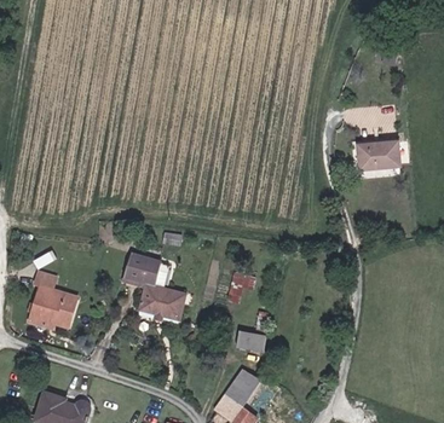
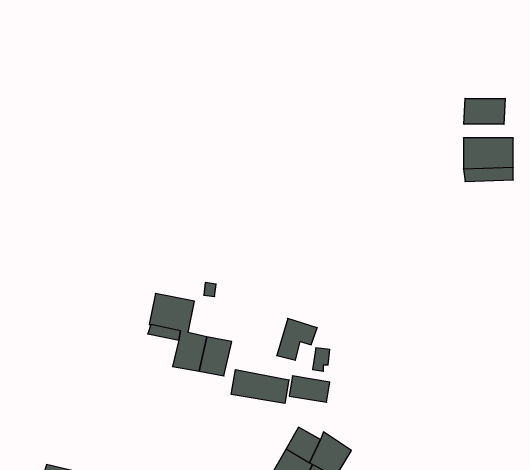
building: none -> [464,98,505,124]
building: [25,282,69,332] -> none
building: none -> [231,370,289,403]

